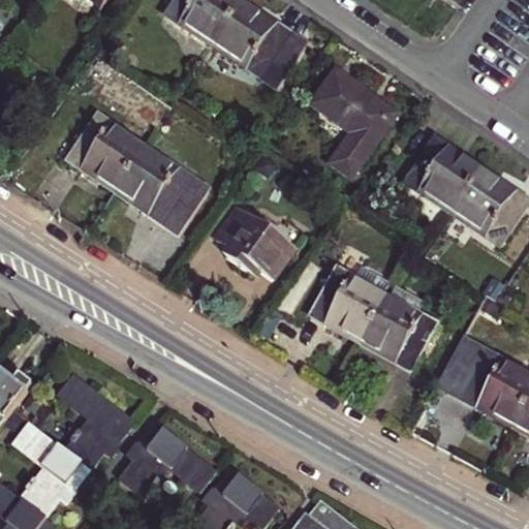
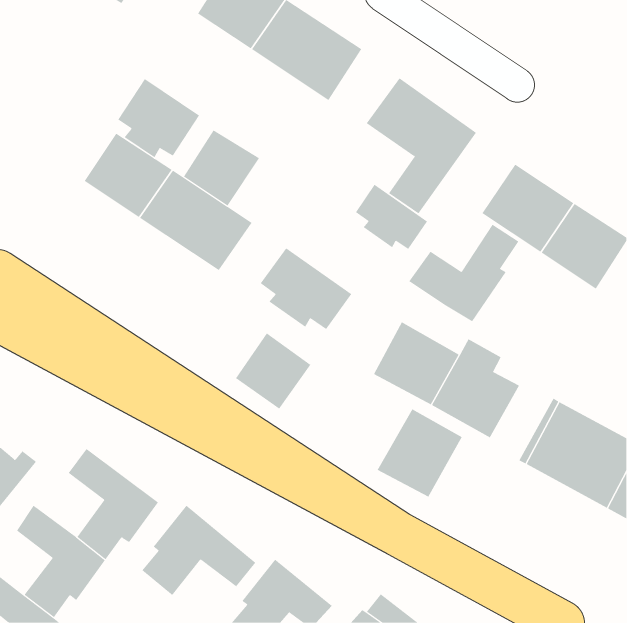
building: none -> [118,78,200,158]
building: none -> [183,129,260,206]
building: none -> [355,184,428,250]
building: none -> [409,224,519,322]
building: none -> [235,333,311,410]
building: none -> [377,409,463,498]

